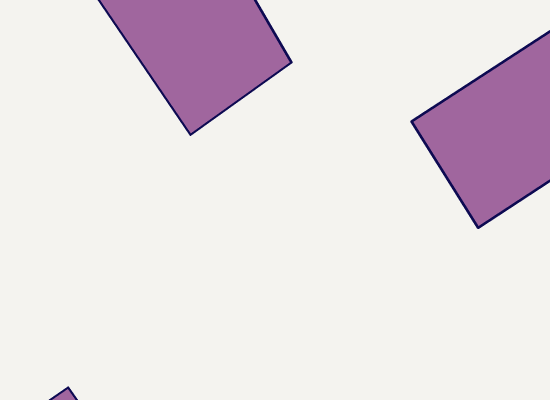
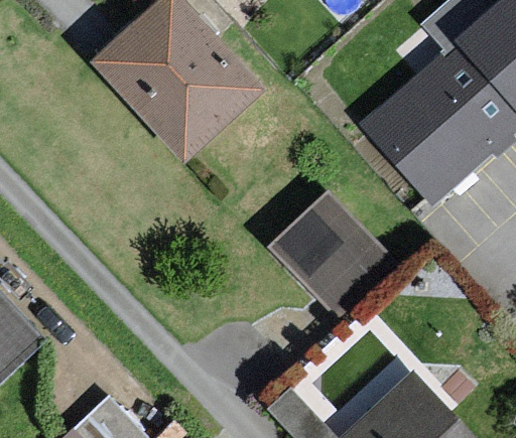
building: none -> [267,194,402,319]

